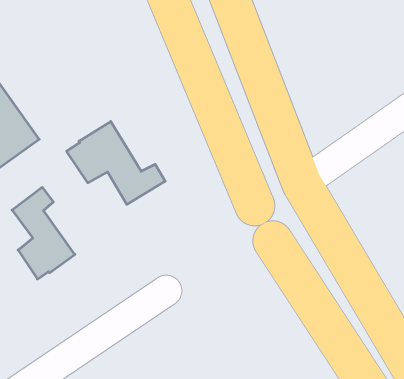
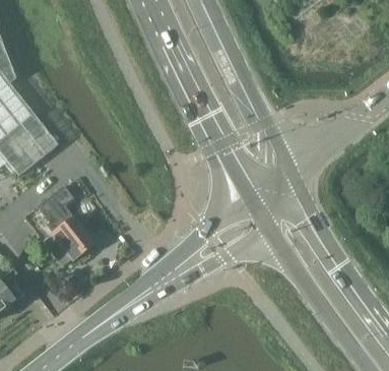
building: [67,121,165,204] -> none

